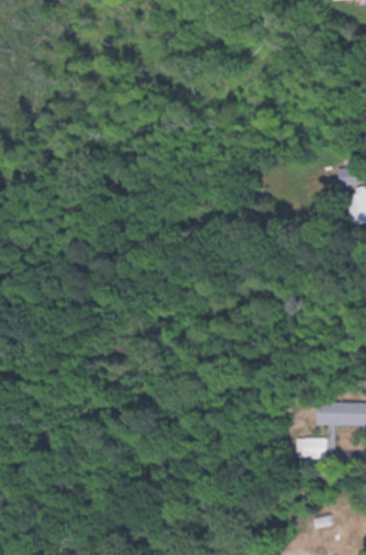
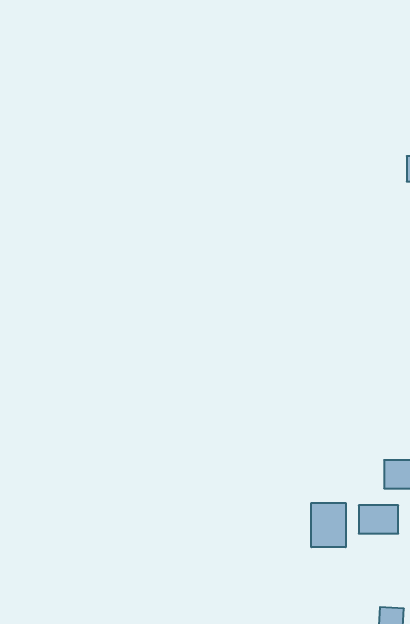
building: none -> [311,503,346,547]

